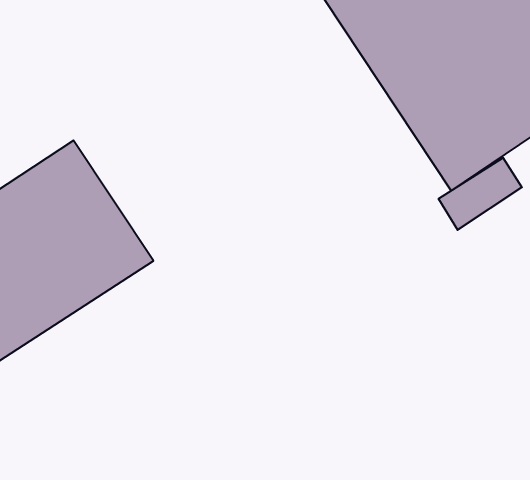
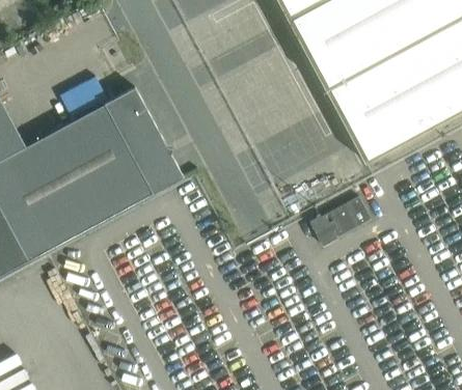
building: none -> [104,86,184,193]
building: [438,158,522,230] -> [311,196,371,244]

